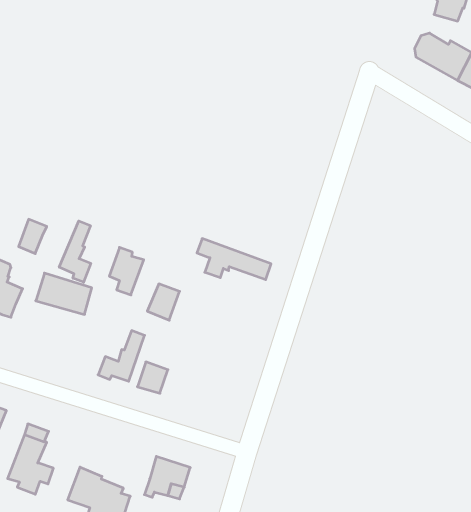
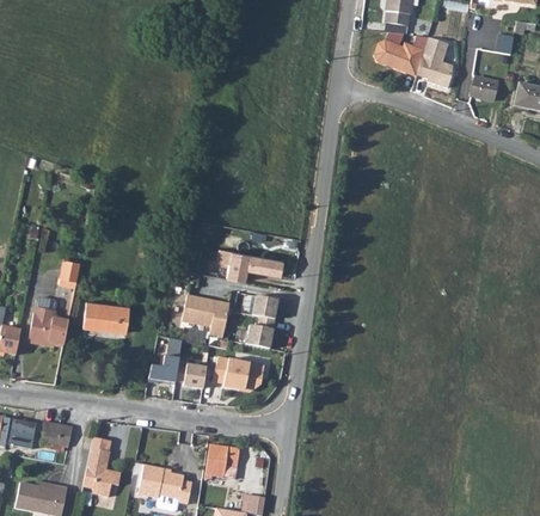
building: [59,221,91,282] -> none
building: [109,247,144,295] -> [201,299,228,338]
building: none -> [247,296,280,350]
building: none -> [214,357,265,392]

